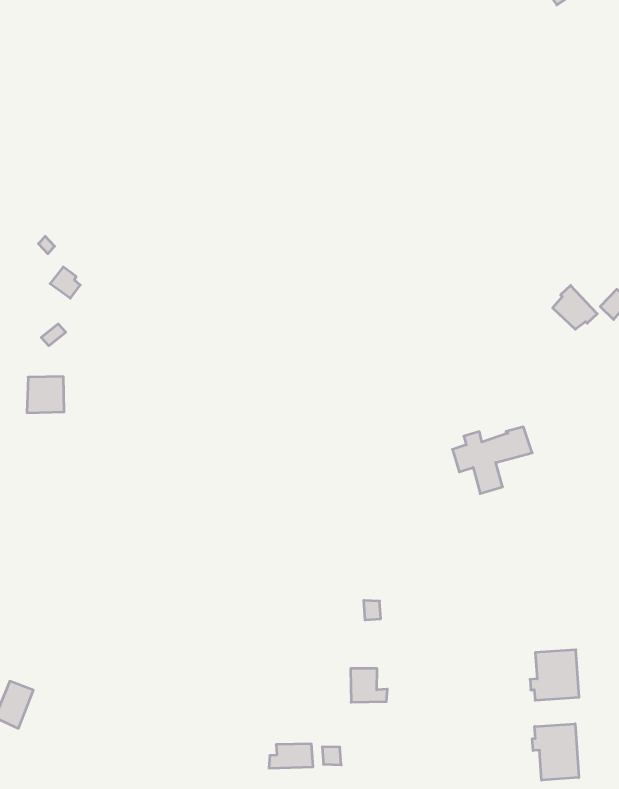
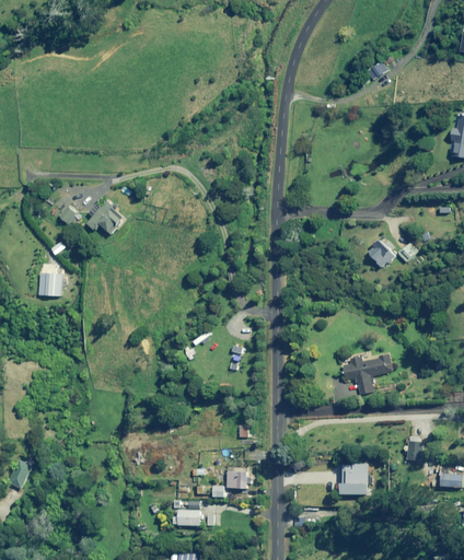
building: none -> [86,200,125,234]
building: [452,427,532,494] -> [343,354,392,394]
building: [532,724,579,780] -> none

